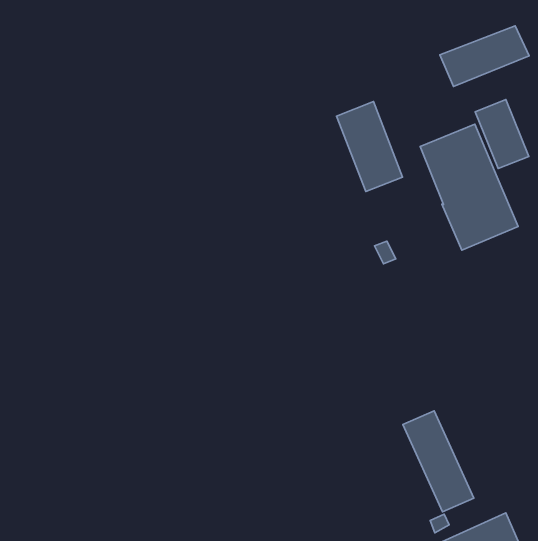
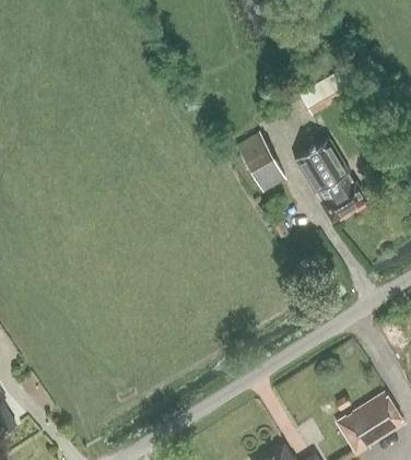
building: [475,100,529,168] -> none
building: [403,411,474,512] -> none

